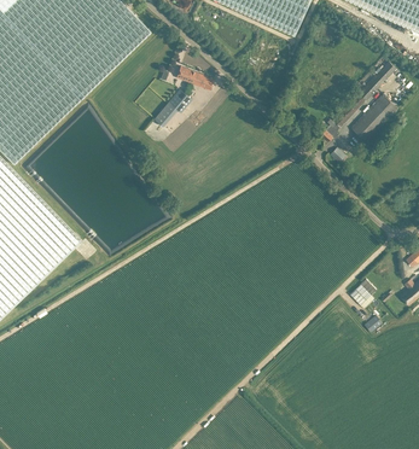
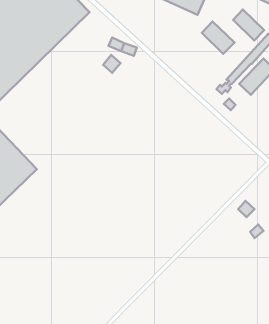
building: none -> [233,10,264,40]
building: none -> [202,21,235,54]

